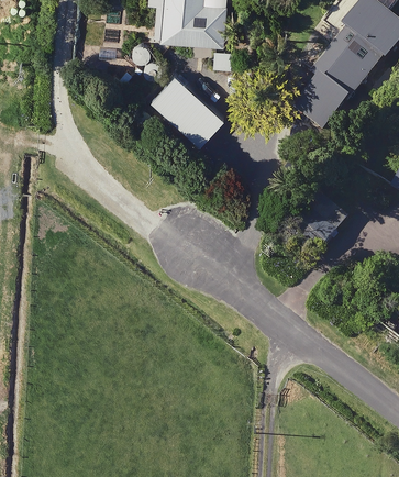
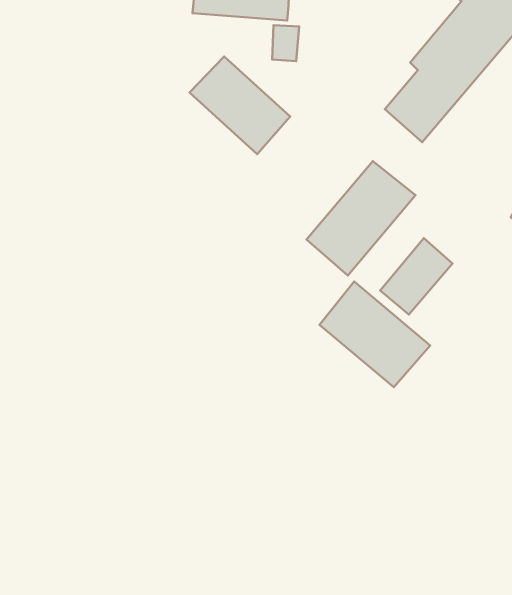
building: none -> [306,161,416,276]
building: none -> [320,282,430,387]

